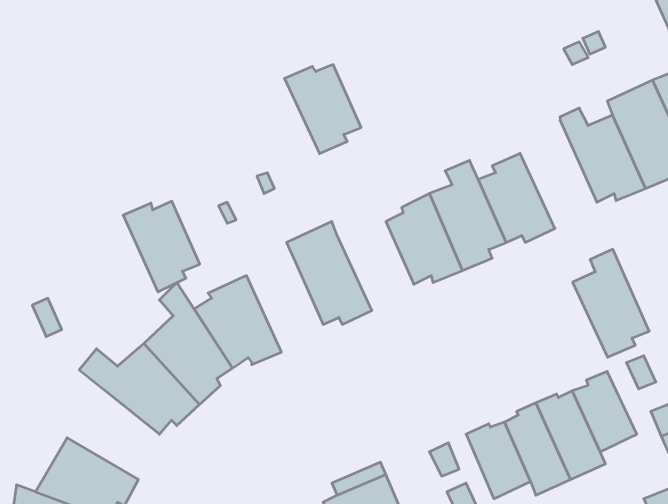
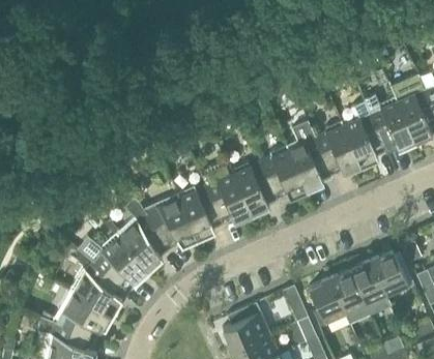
building: [284,65,361,154] -> [231,162,277,215]
building: [123,201,200,292] -> [177,186,223,240]
building: [573,249,649,357] -> [340,102,385,167]
building: none -> [70,263,125,316]

